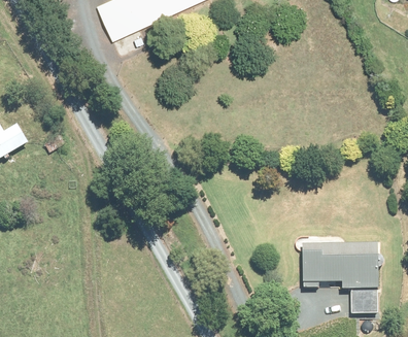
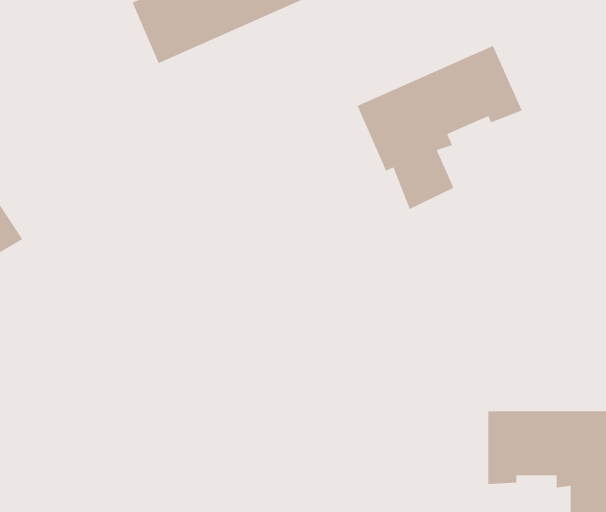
building: none -> [357,45,522,210]

